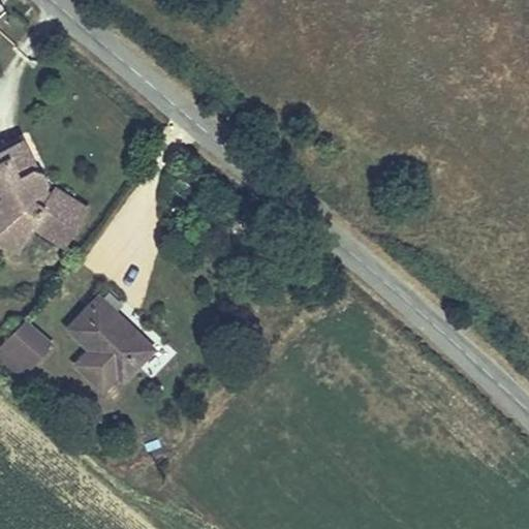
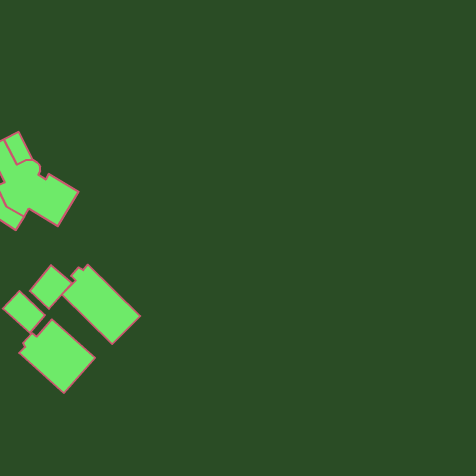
building: none -> [30,265,72,309]
building: none -> [19,319,95,393]

